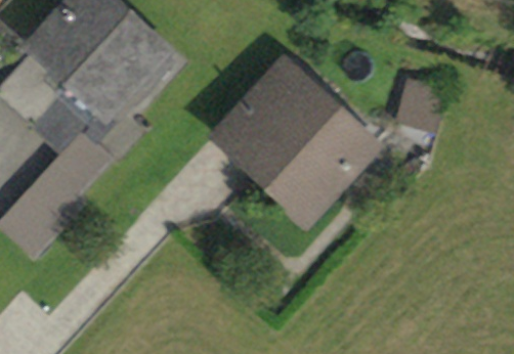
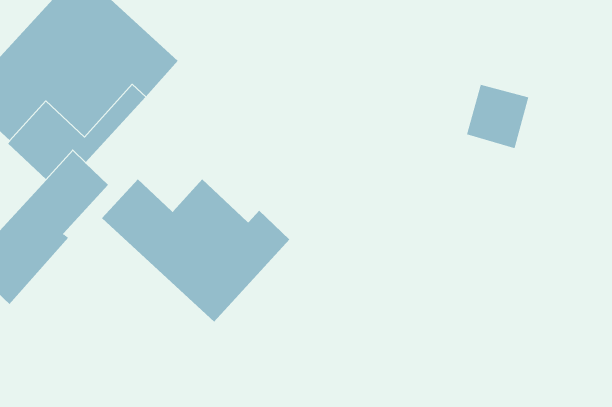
building: [218,61,373,214] -> none
building: none -> [101,178,290,322]

